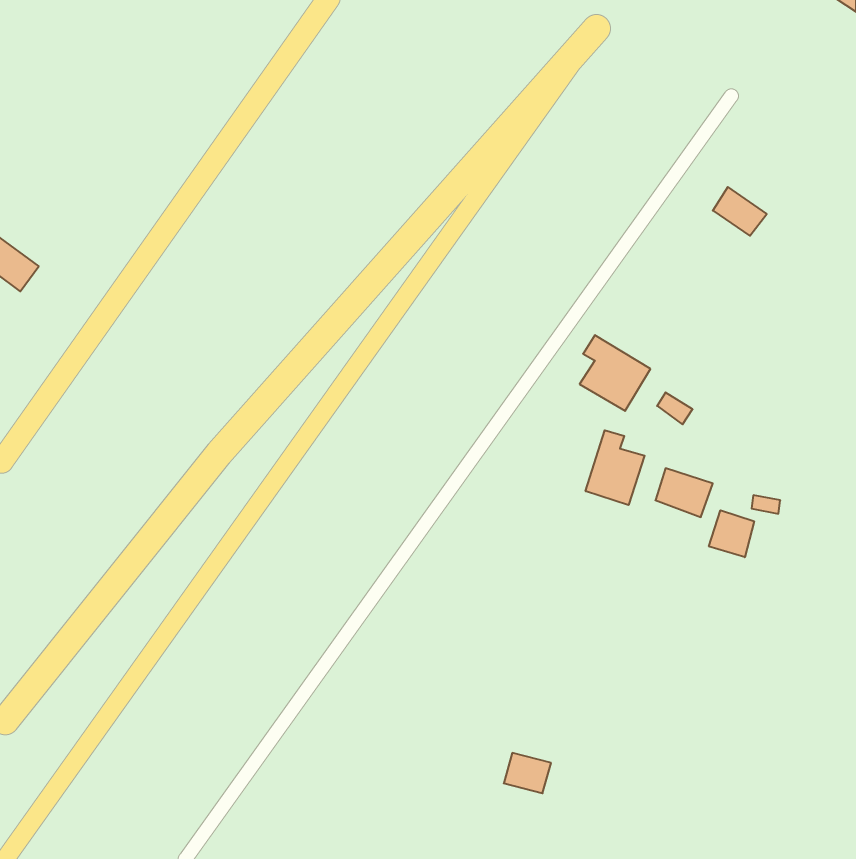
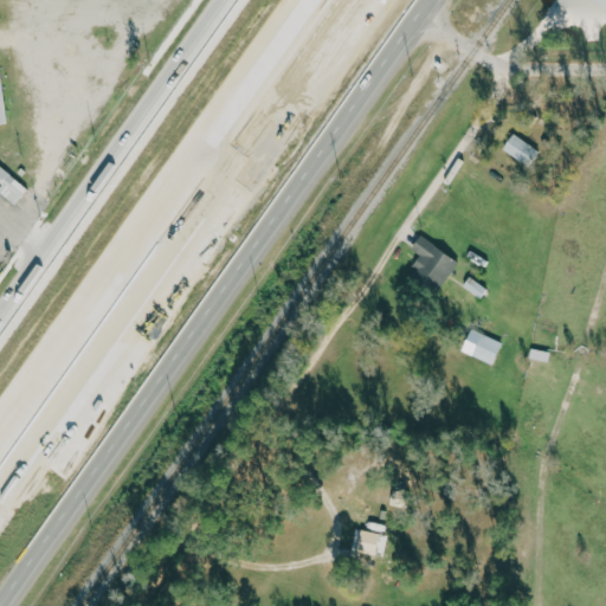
building: [586,430,645,505] -> none
building: [709,510,754,557] -> none

